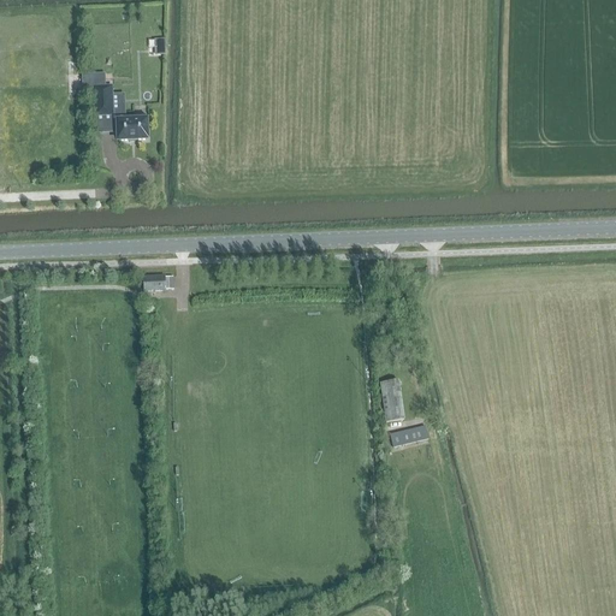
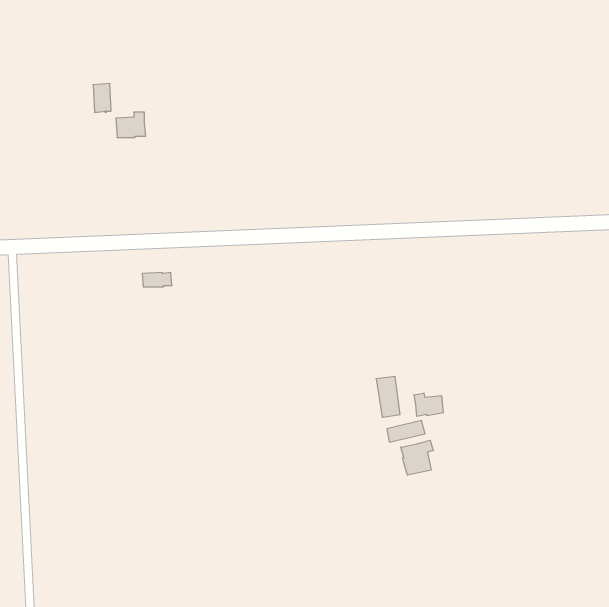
building: none -> [414,393,443,416]
building: none -> [401,440,433,475]

